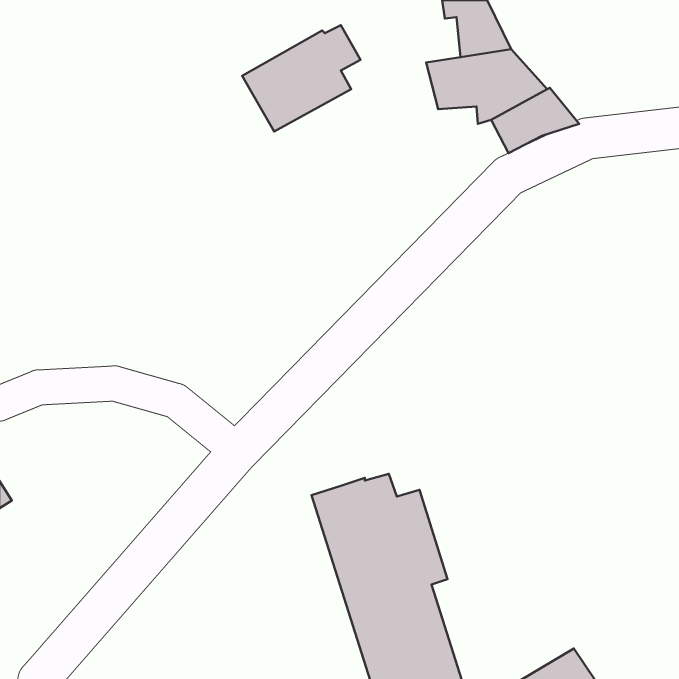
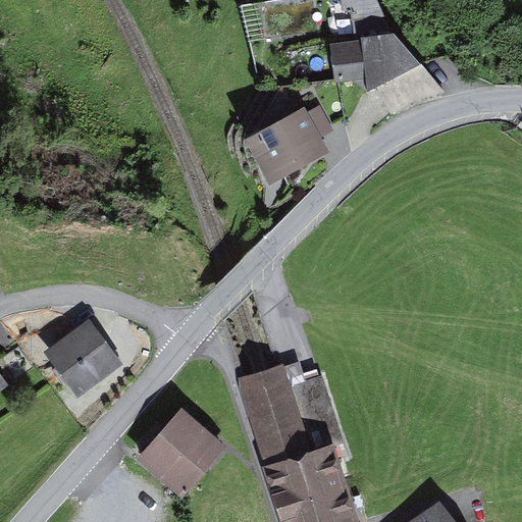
building: [242,25,361,132] -> [244,108,334,190]
building: none -> [42,316,121,396]
building: none -> [135,402,226,493]

